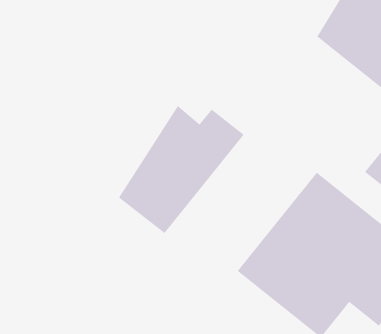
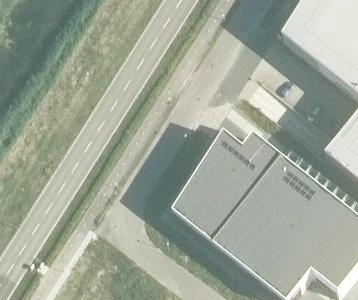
building: [118,105,245,234] -> [172,127,283,240]

